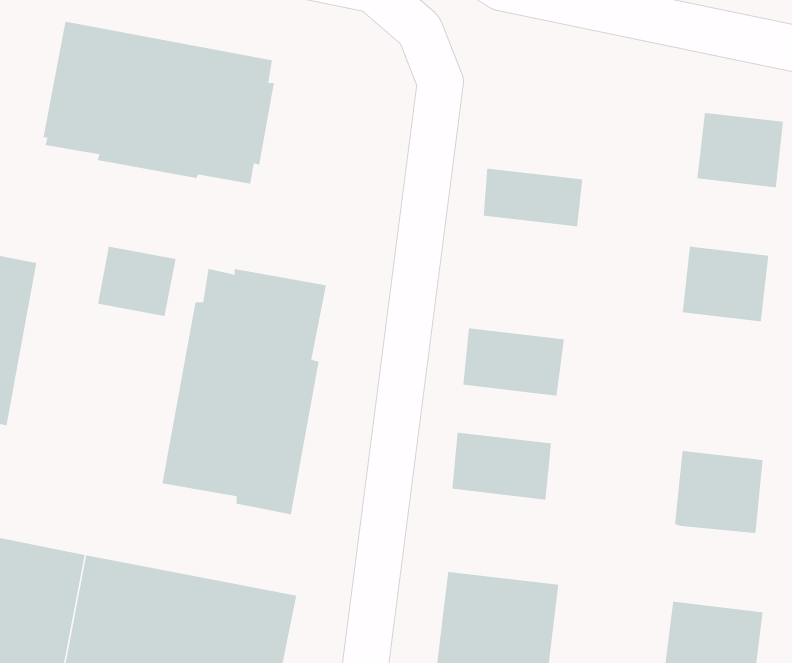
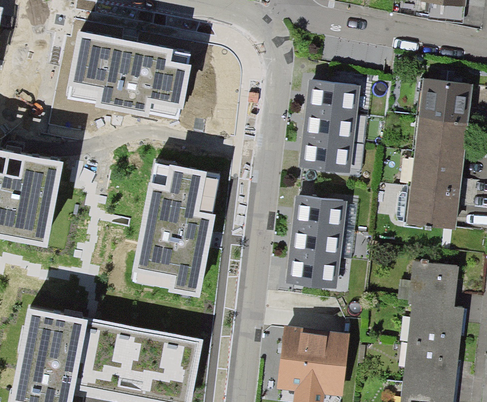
building: none -> [306,80,361,116]
building: none -> [415,116,462,157]
building: none -> [300,136,355,172]
building: [97,246,176,317] -> none
building: none -> [393,188,454,229]
building: none -> [290,227,344,258]
building: none -> [406,303,459,349]

